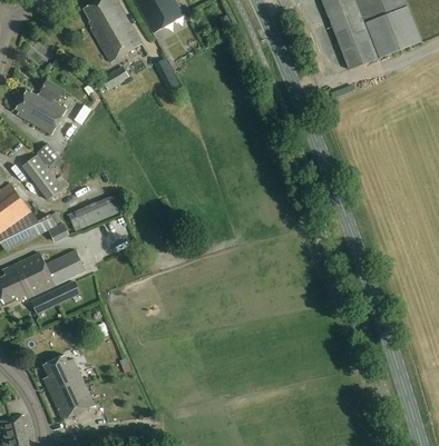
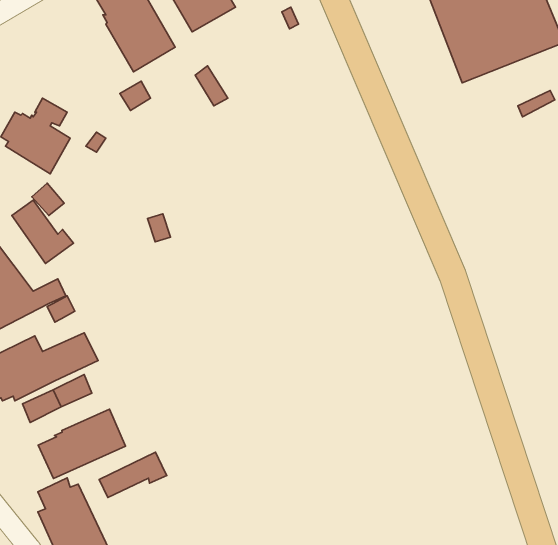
building: [68,196,124,230] -> none
building: none -> [38,409,125,479]
building: none -> [99,452,167,497]

